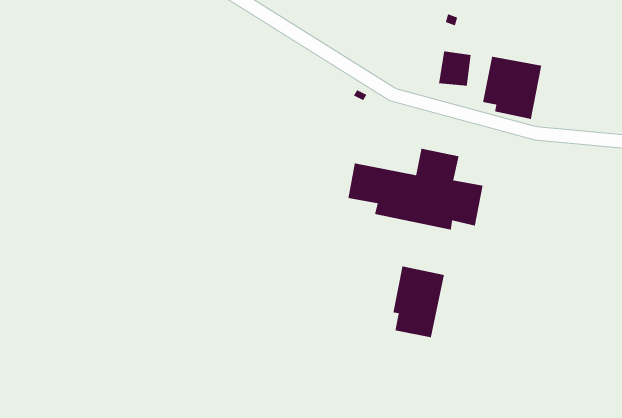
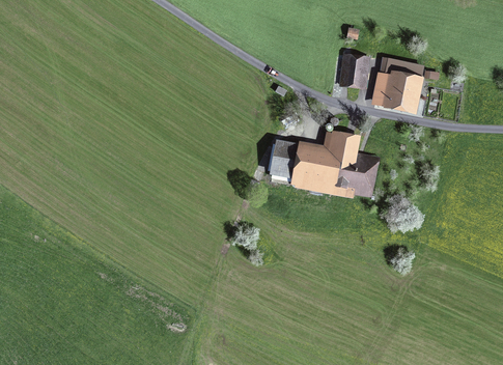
building: [393,266,445,338] -> none

